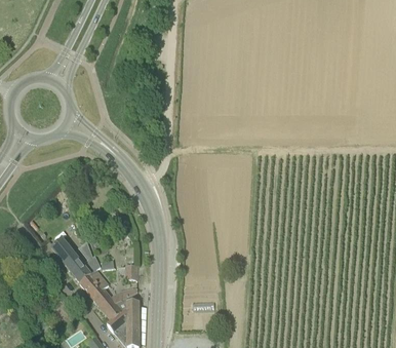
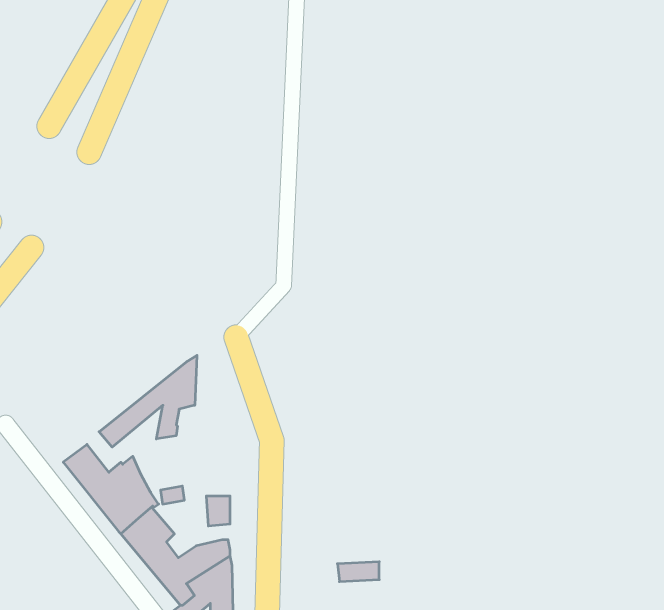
building: none -> [99,355,197,447]

